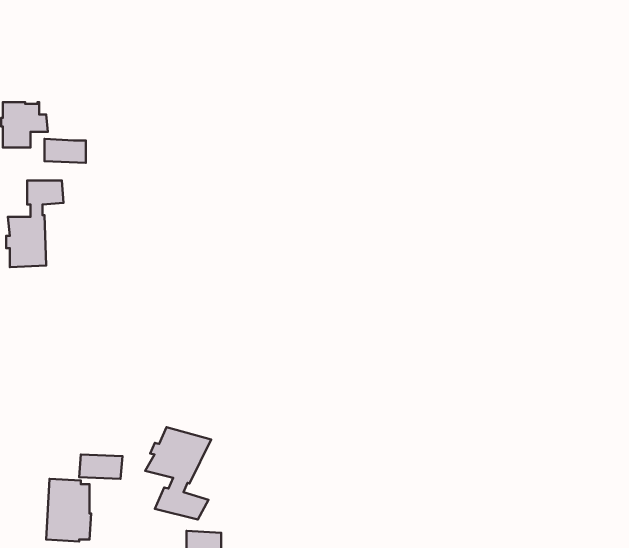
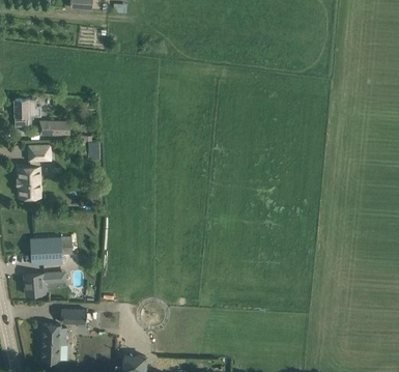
building: none -> [30,236,73,264]
building: none -> [25,273,55,294]
building: [145,427,211,519] -> none

